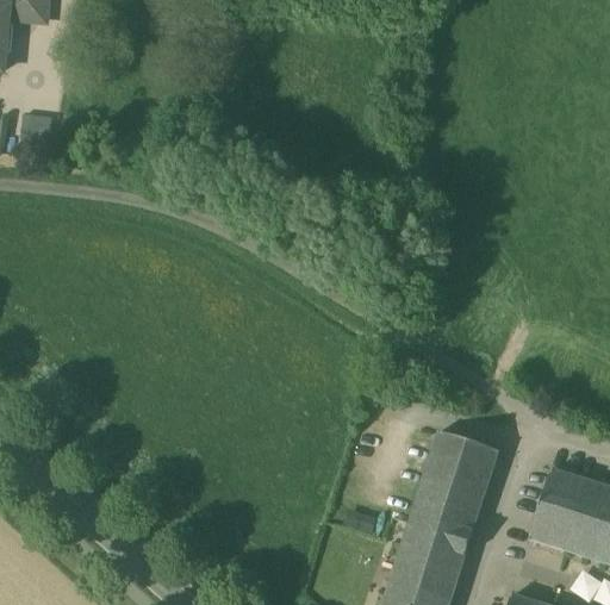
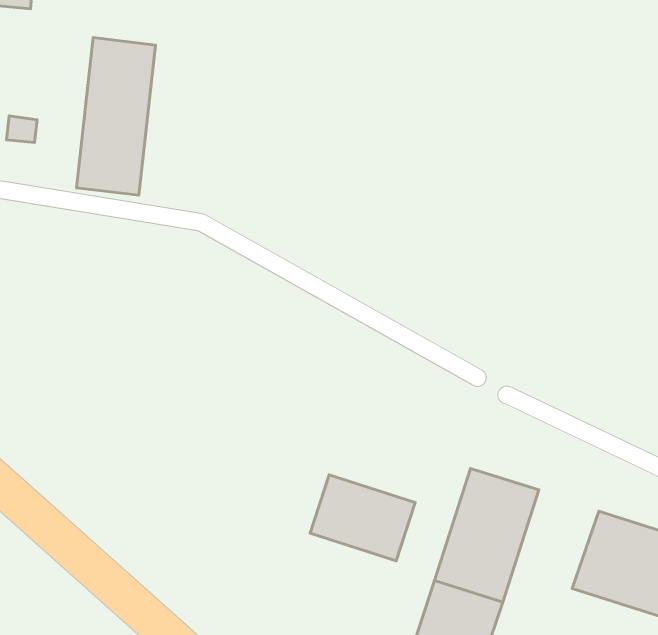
building: none -> [77,38,155,195]
building: none -> [310,475,415,561]

